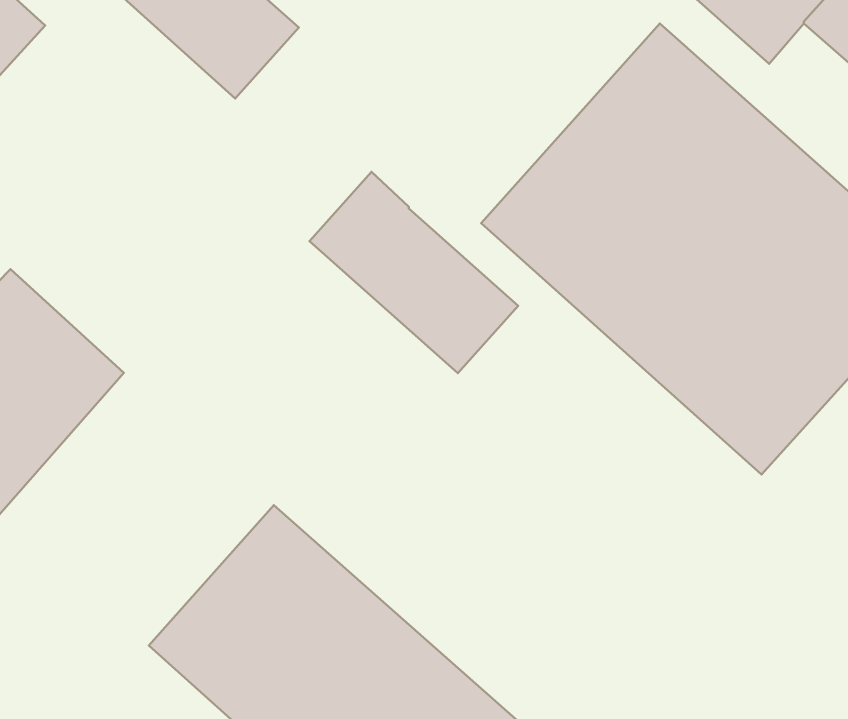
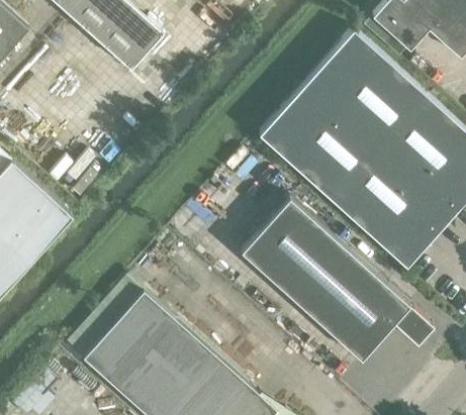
building: [309,172,518,373] -> none
building: none -> [241,199,435,360]

